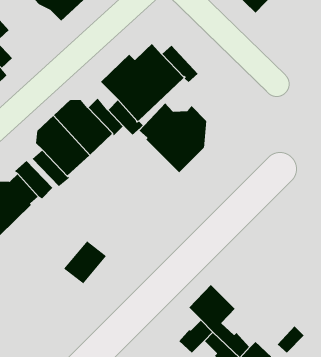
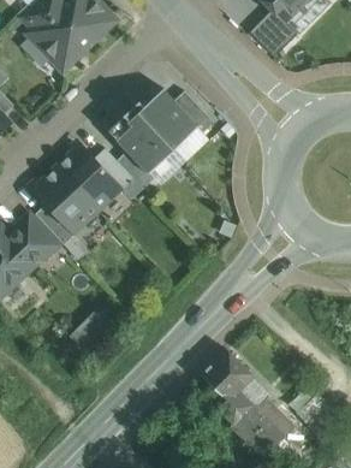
building: [139,103,207,173] -> none

